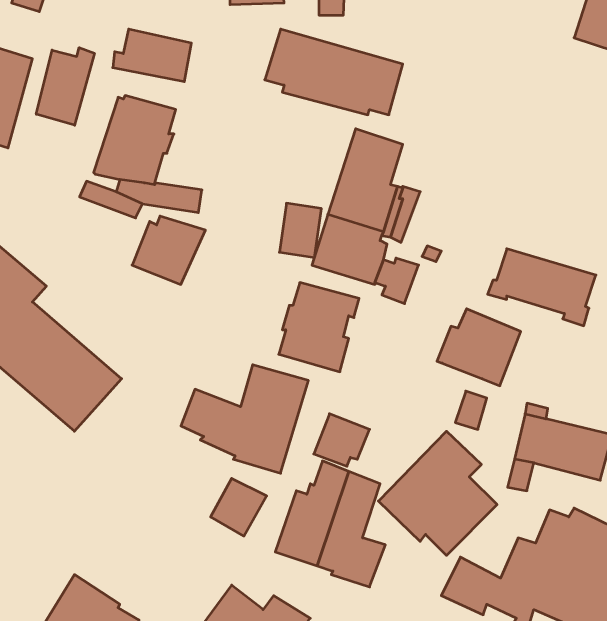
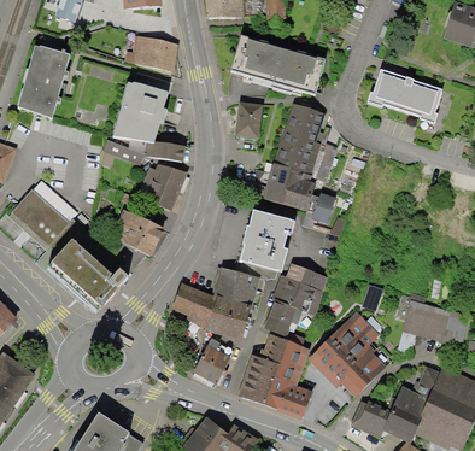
building: [36,48,94,125] -> none
building: [279,203,321,257] -> [234,100,263,137]
building: [488,249,596,326] -> [368,72,442,125]
building: none -> [115,209,163,256]
building: [437,309,521,386] -> [270,262,328,315]

